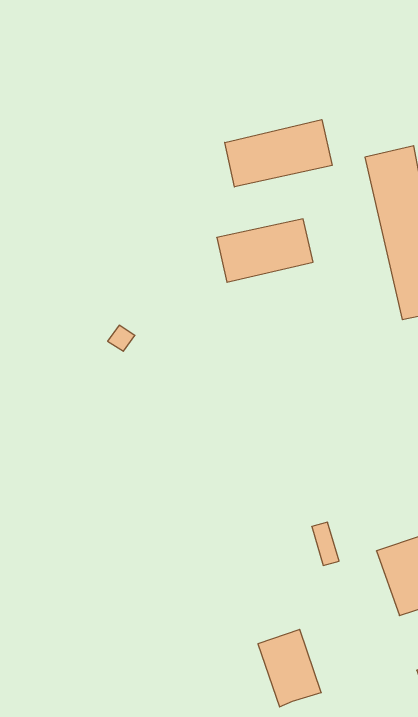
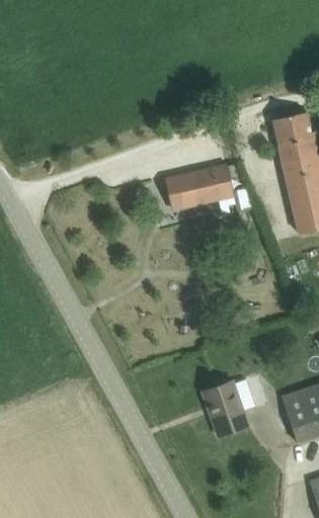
building: [225,120,332,187] -> none
building: [258,629,321,707] -> [203,382,247,437]

